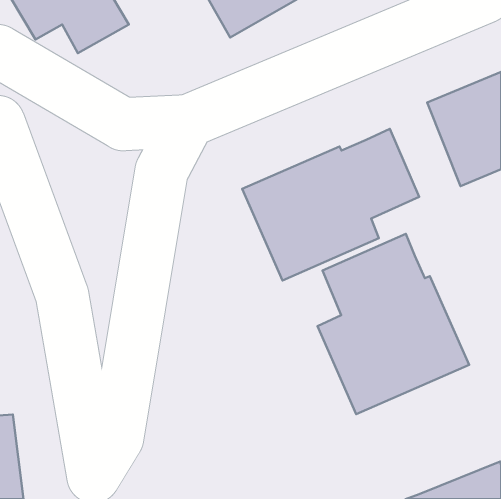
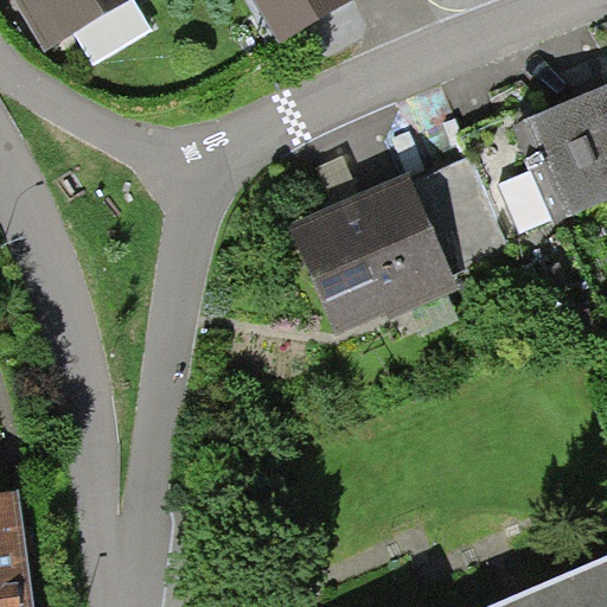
building: [318,234,469,414] -> none

